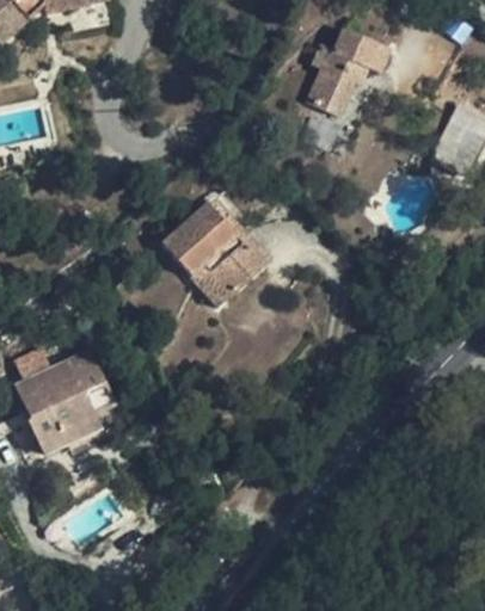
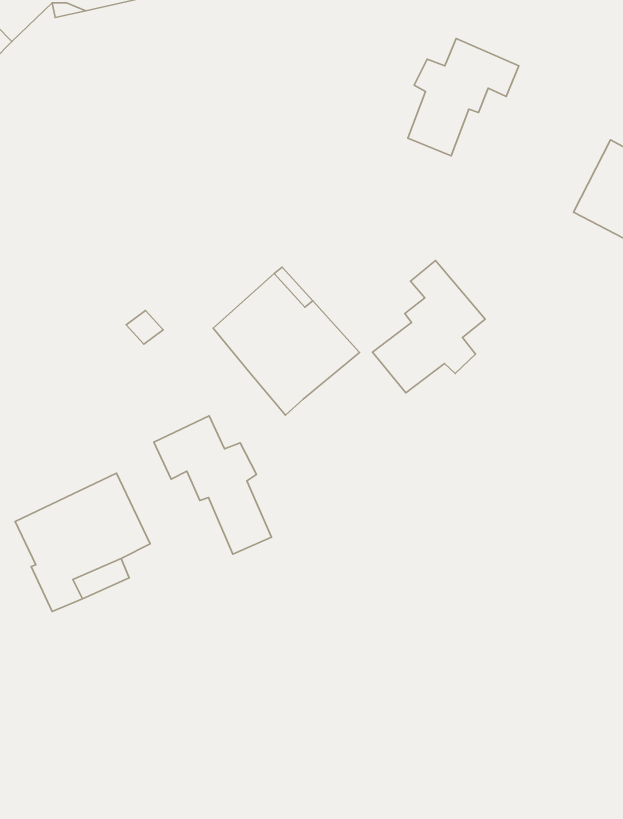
building: none -> [373,261,485,393]
building: none -> [154,416,271,554]

